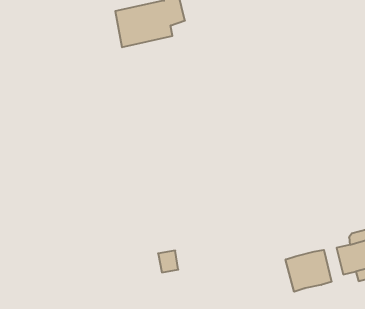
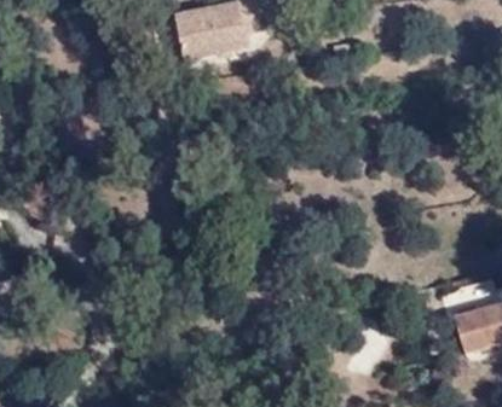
building: [286,250,332,292] -> none

